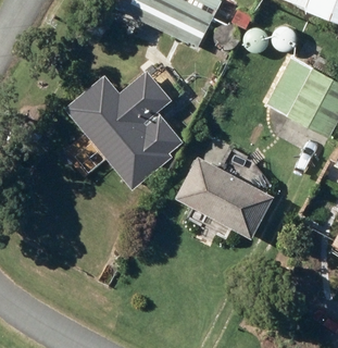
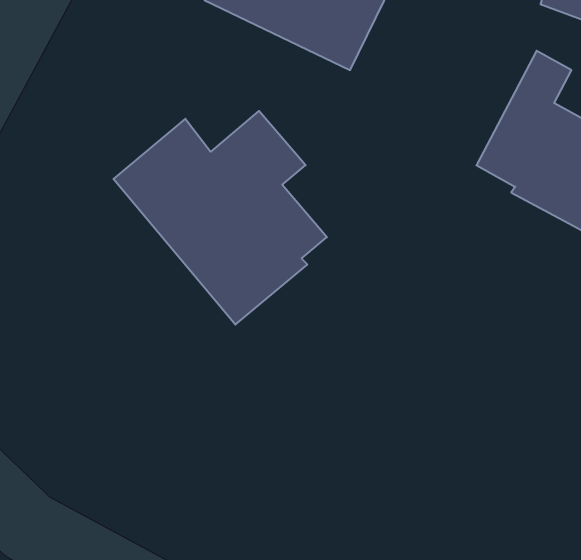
building: [175,157,274,239] -> none

